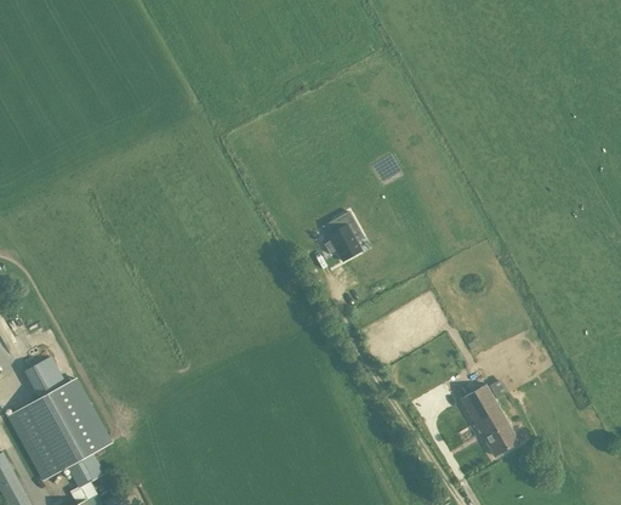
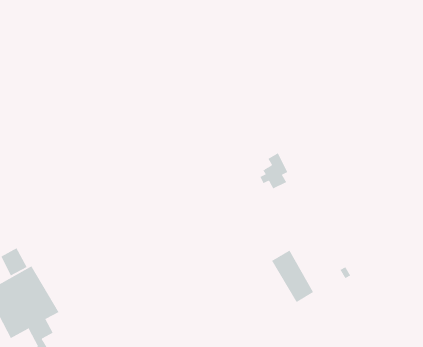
building: [323,210,361,260] -> [259,153,288,189]
building: [458,384,517,455] -> [271,250,314,303]

